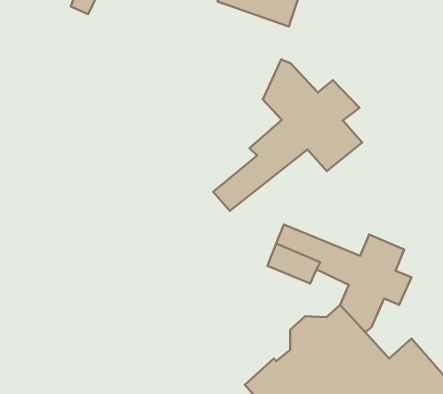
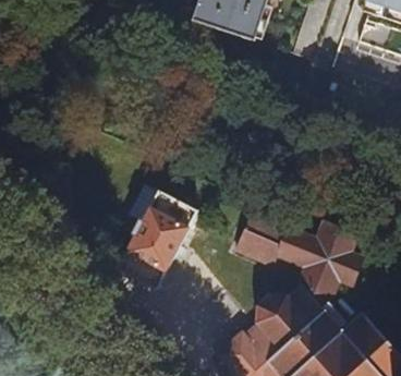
building: [213,59,362,211] -> none
building: none -> [118,190,197,287]

